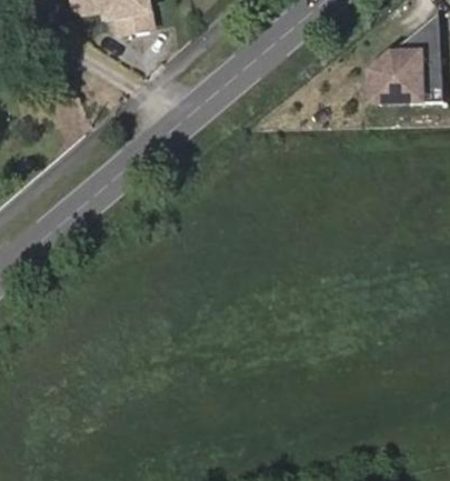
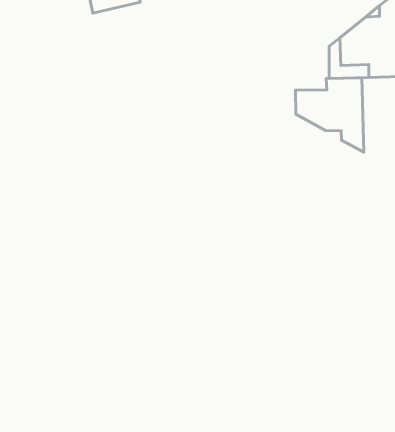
building: none -> [296,78,364,152]

